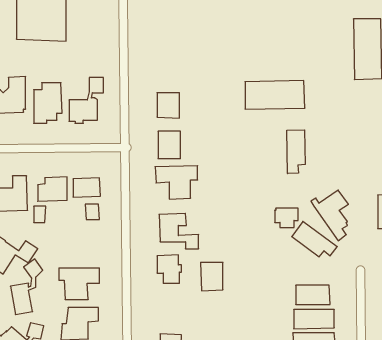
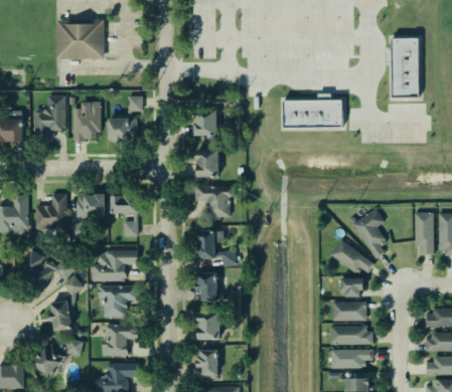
building: [287,130,305,174] -> none
building: [275,208,298,227] -> [340,278,363,298]
building: none -> [92,250,137,281]
building: [201,262,223,291] -> [197,312,219,340]

